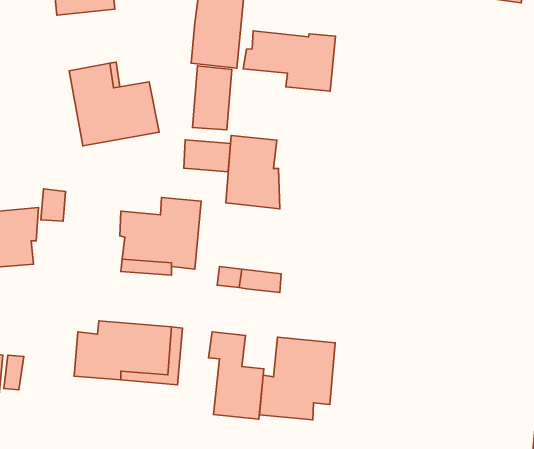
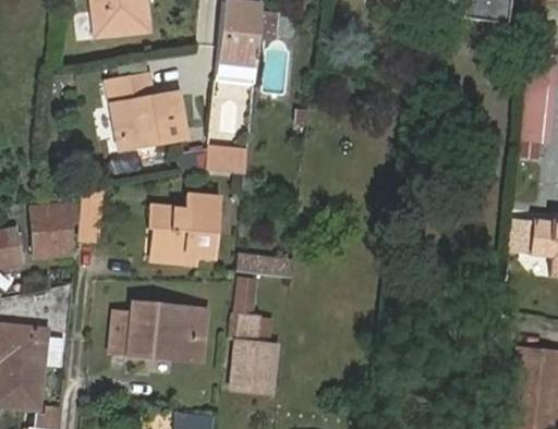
building: [243,31,335,91] -> none
building: [226,136,280,209] -> none
building: [259,337,335,420] -> none

